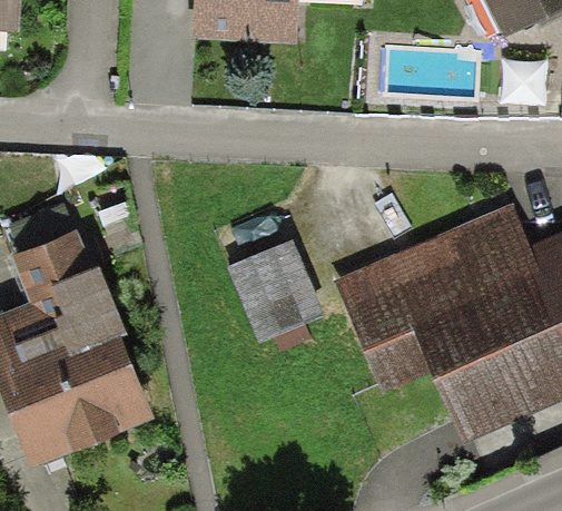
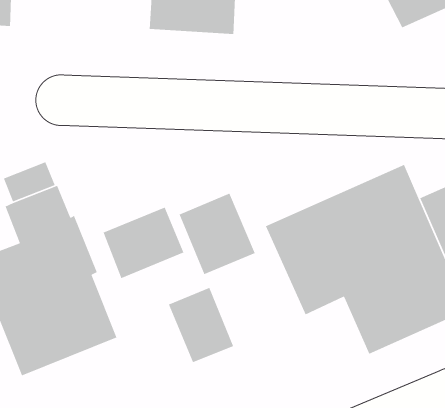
building: none -> [102,207,185,279]
building: none -> [168,287,234,363]

